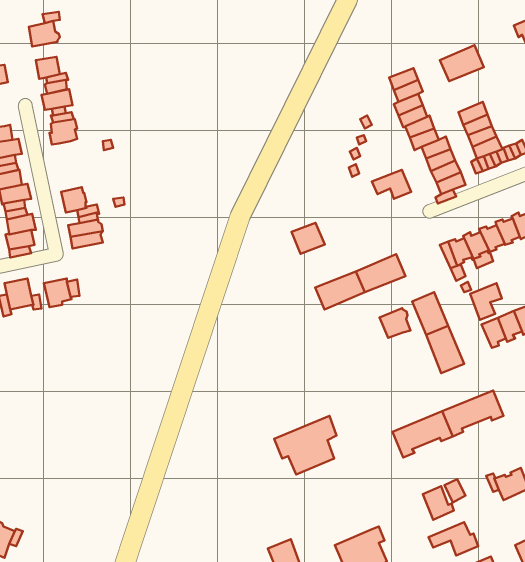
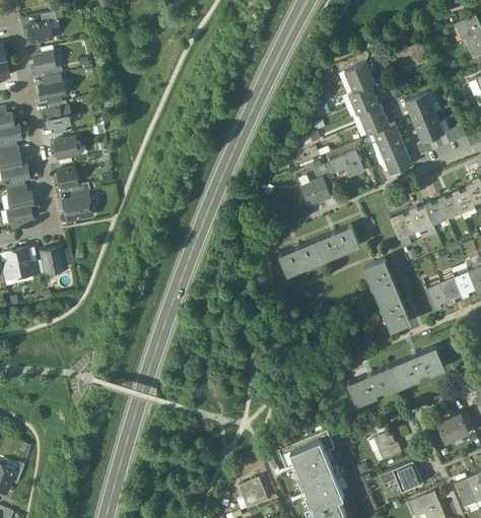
building: none -> [54,137,79,159]
building: [291,223,325,254] -> [300,179,330,206]
building: [470,283,502,320] -> none
building: [380,308,410,338] -> none
building: [274,416,337,475] -> [277,431,332,482]

